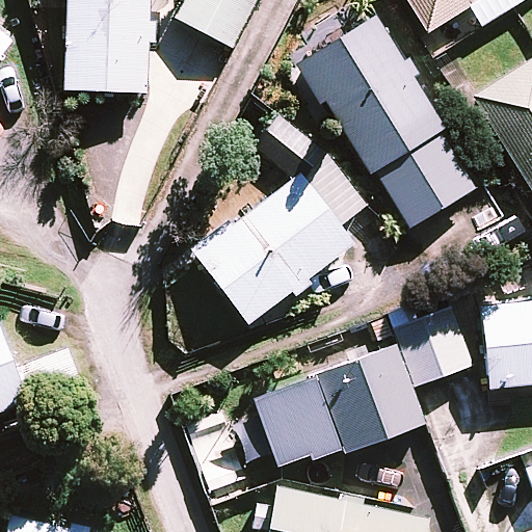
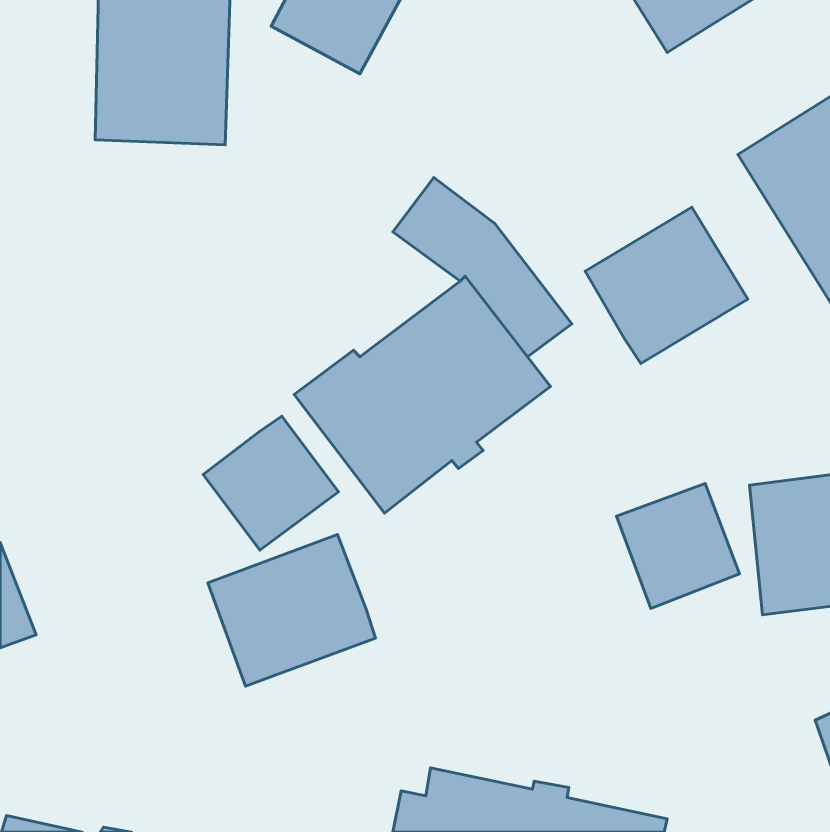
building: [298,20,446,176] -> none
building: none -> [203,416,338,550]
building: none -> [208,535,375,686]
building: [252,345,427,466] -> none

